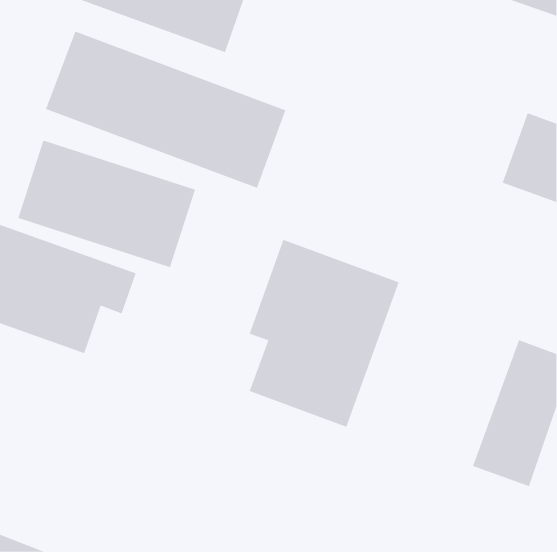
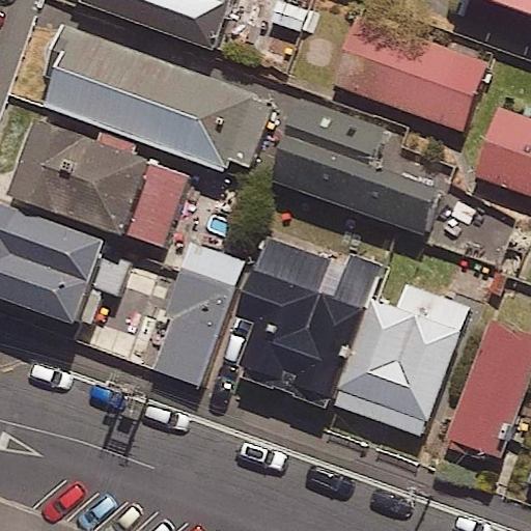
building: none -> [335,20,484,128]
building: none -> [272,102,440,235]
building: none -> [150,234,243,382]
building: none -> [337,281,468,434]

